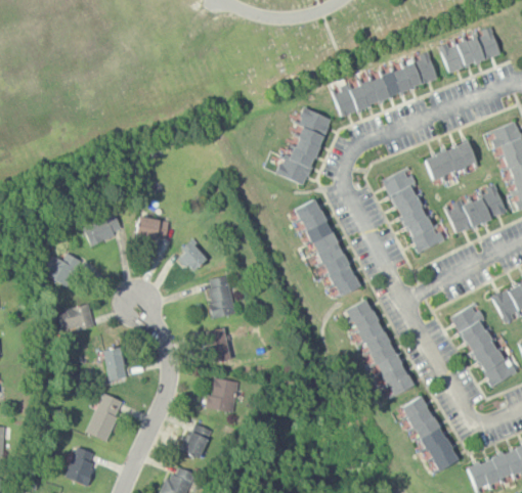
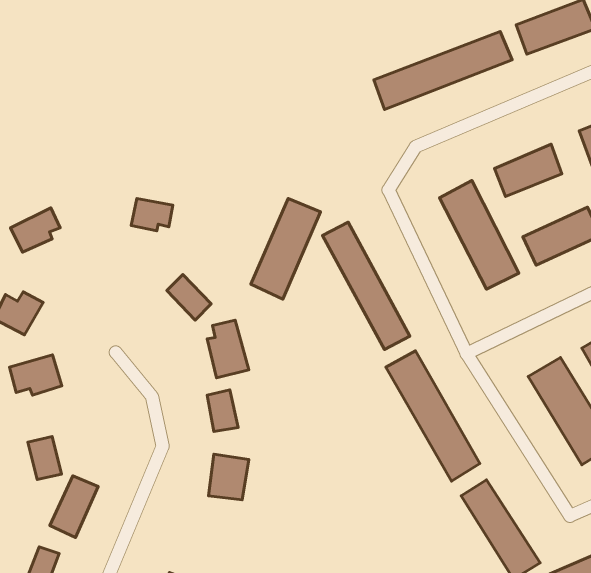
building: [278,109,332,186] -> [251,198,321,299]
building: [83,213,121,246] -> [11,208,60,252]
building: [136,217,168,241] -> [131,199,173,231]
building: [101,348,127,380] -> [28,437,62,480]
building: [182,423,209,457] -> none

